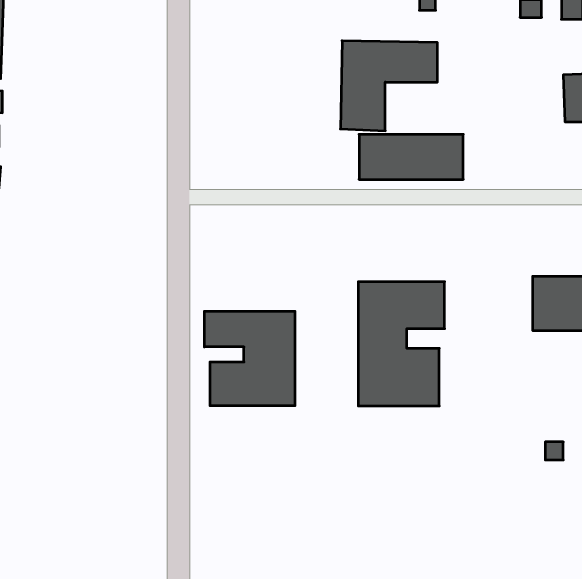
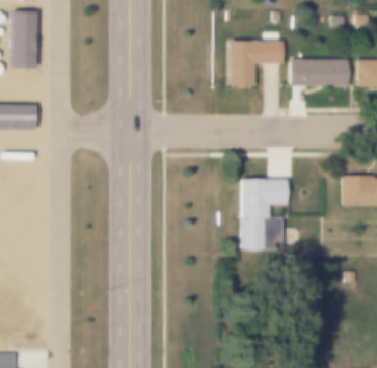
building: [359,134,463,179] -> [291,58,351,84]
building: [204,311,295,406] -> none

